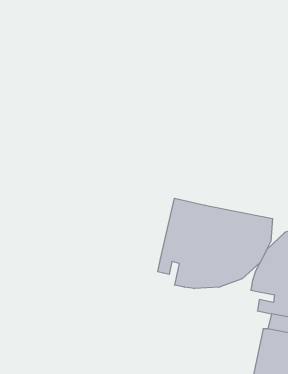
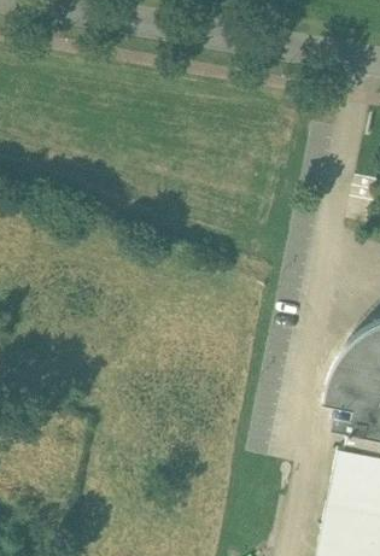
building: [158,198,273,289] -> none

